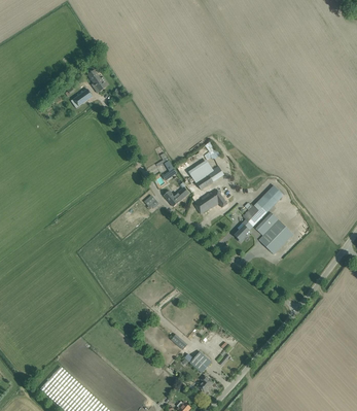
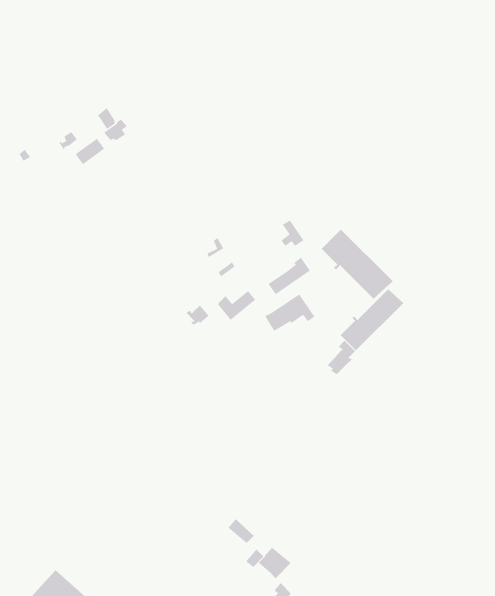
building: none -> [321,229,393,299]
building: [256,212,293,253] -> none

